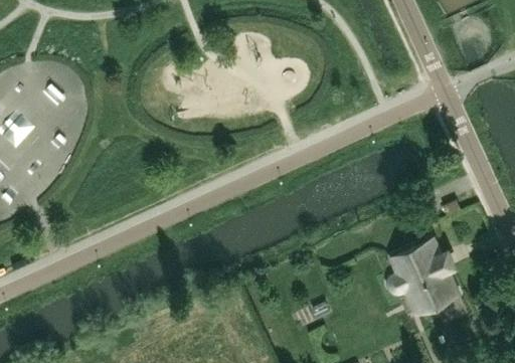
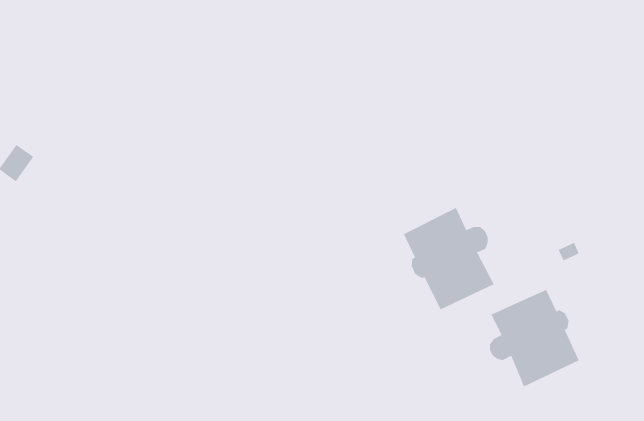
building: none -> [403,207,495,310]

